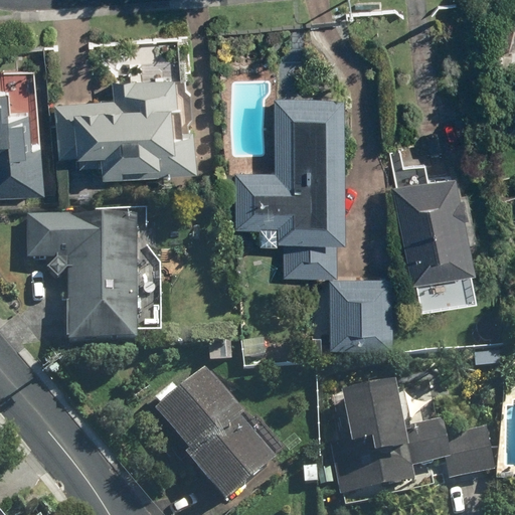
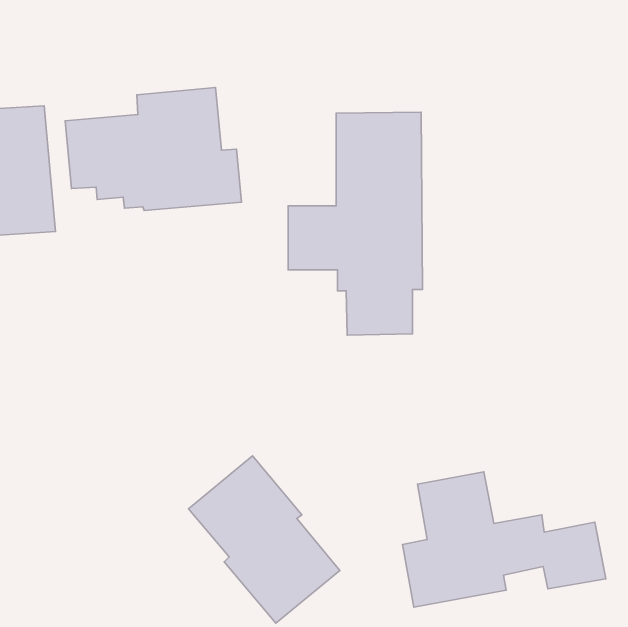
building: [384,142,476,297] -> none
building: [26,215,138,344] -> none
building: [329,275,394,343] -> none

